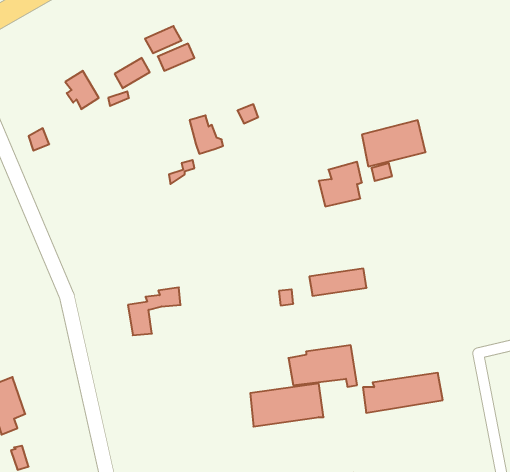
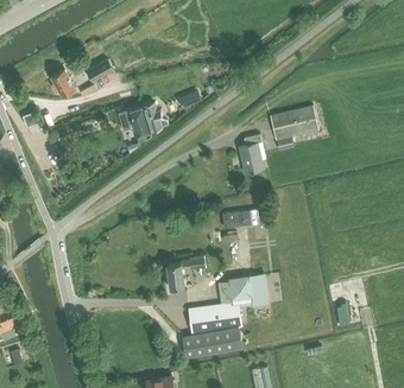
building: none -> [119,106,151,135]
building: [128,287,181,335] -> [166,254,206,290]
building: [363,373,443,413] -> [183,326,242,356]

